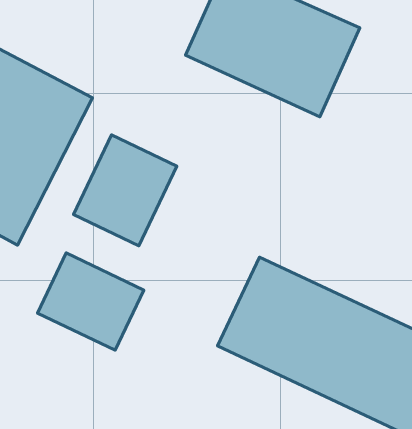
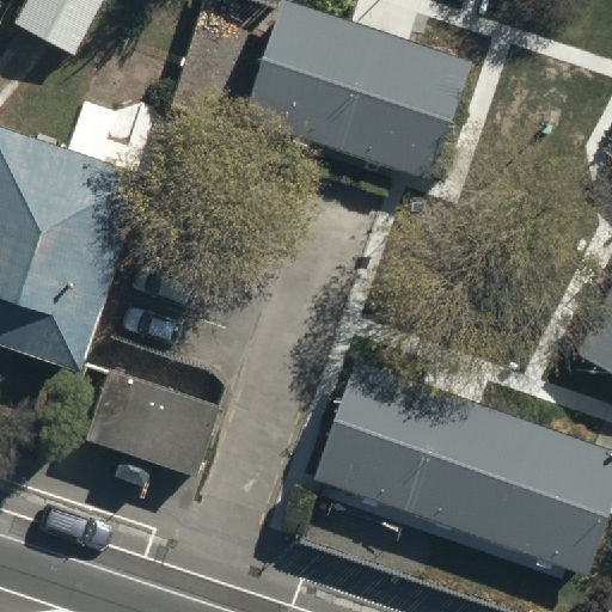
building: [73,135,177,246] -> none

